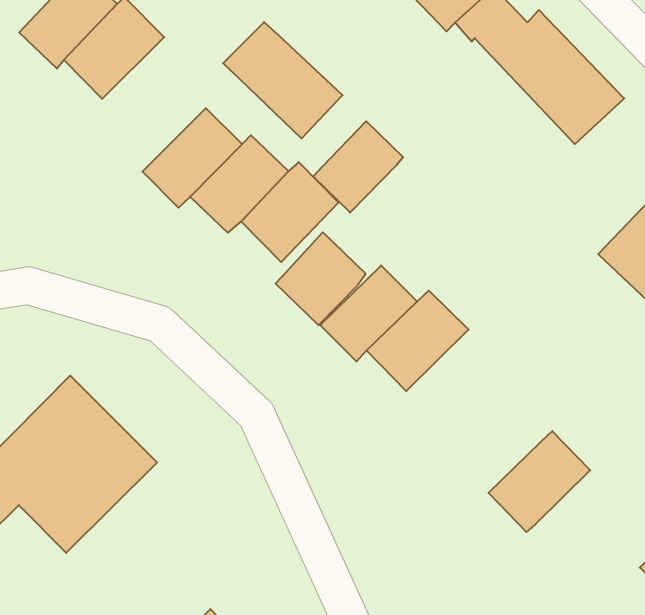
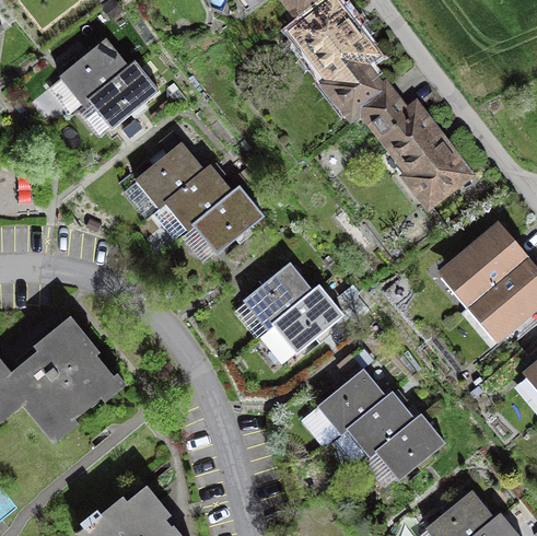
building: [223,22,343,138] -> none
building: [313,121,403,213] -> none
building: [276,232,366,325] -> none
building: none -> [316,370,384,433]
building: none -> [374,416,443,481]

